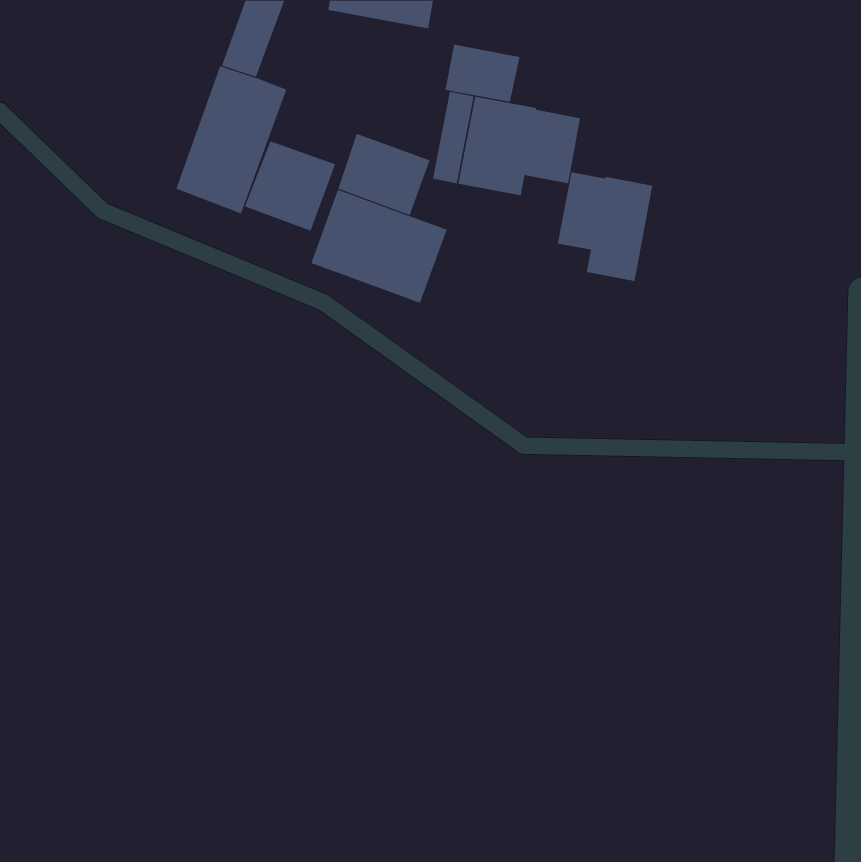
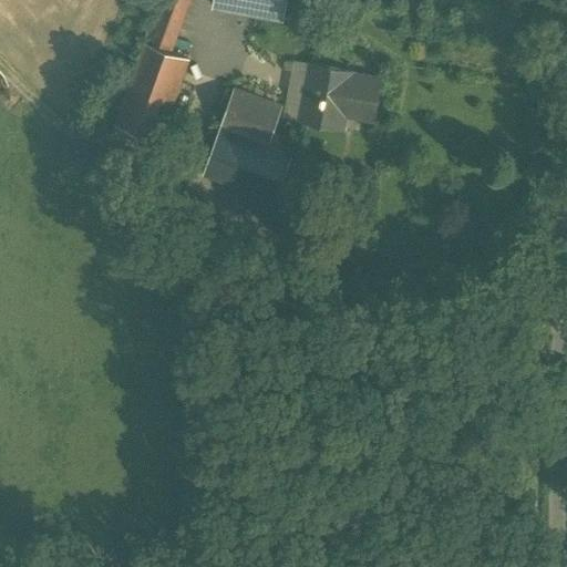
building: [445,44,520,102] -> none
building: [244,140,336,231] -> none
building: [557,172,653,282] -> none

